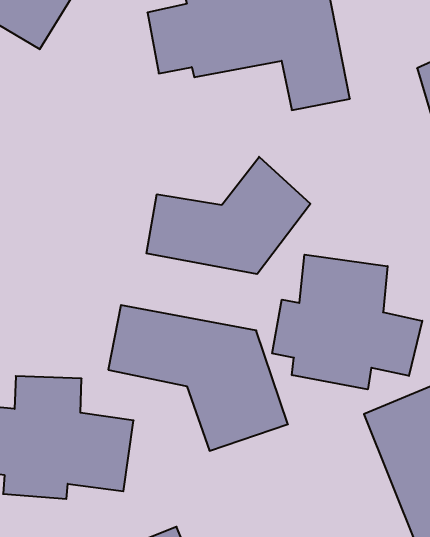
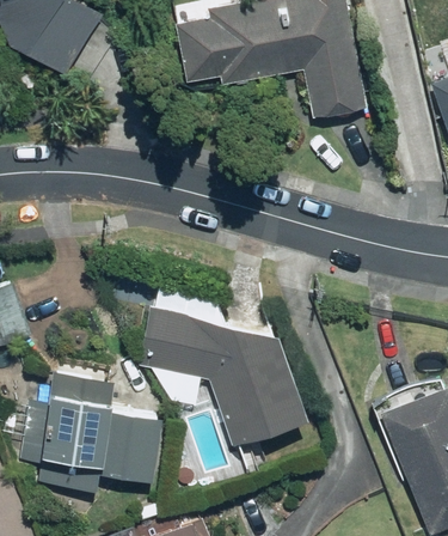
building: [146,157,310,274] -> none
building: [272,255,422,389] -> none

